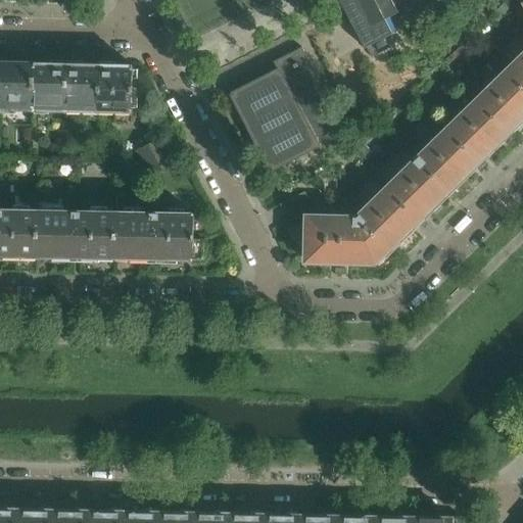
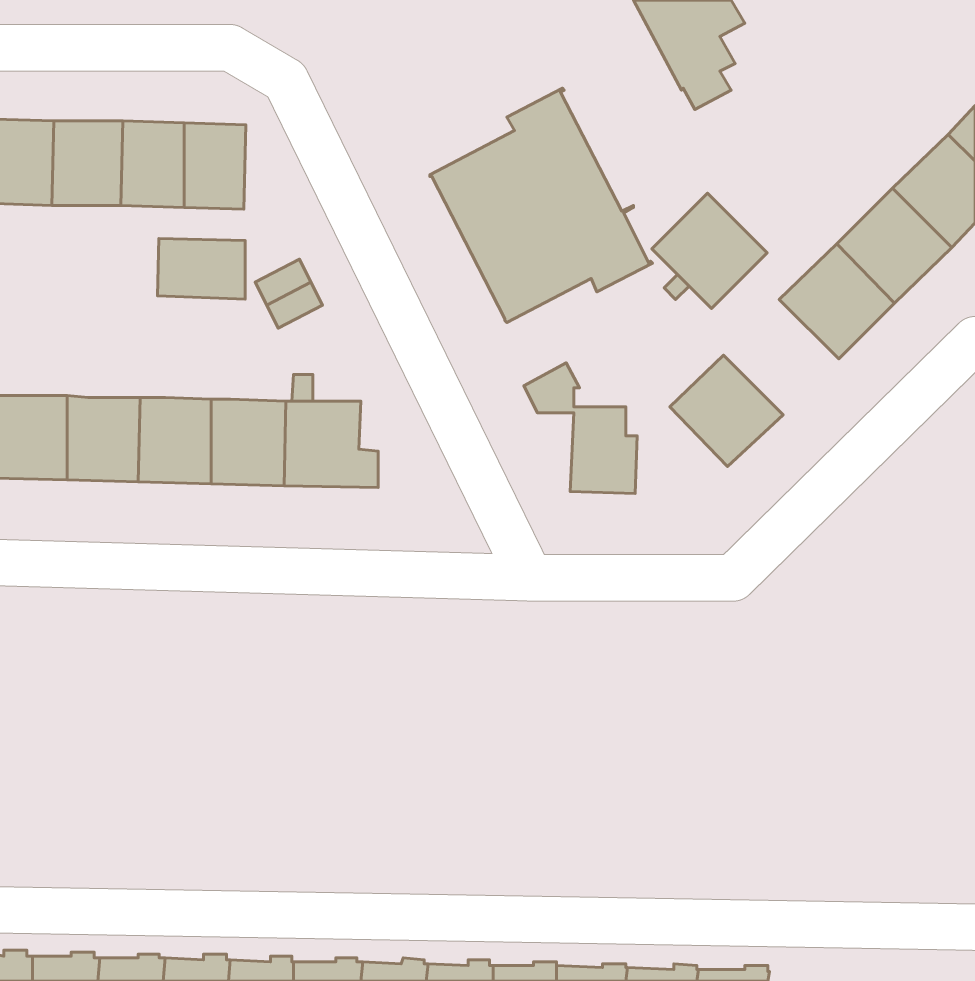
building: none -> [158,238,245,299]
building: [385,159,446,221] -> [652,193,767,308]
building: [333,217,387,263] -> none

